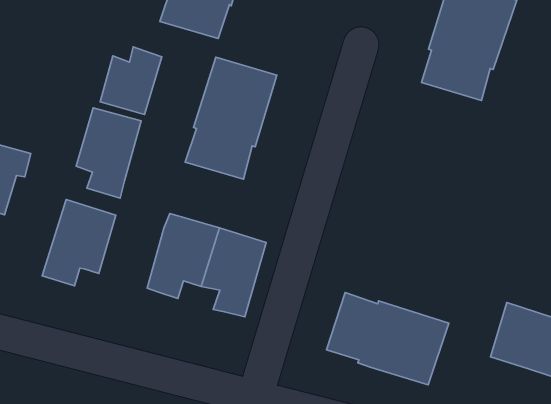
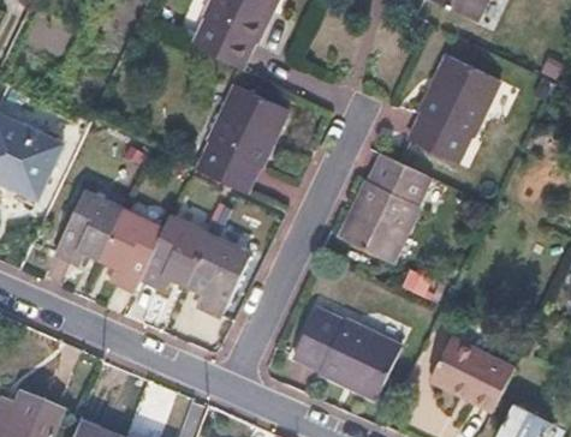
building: [100,47,162,114] -> none
building: none -> [339,151,432,262]
building: [76,108,141,198] -> [105,209,167,291]

